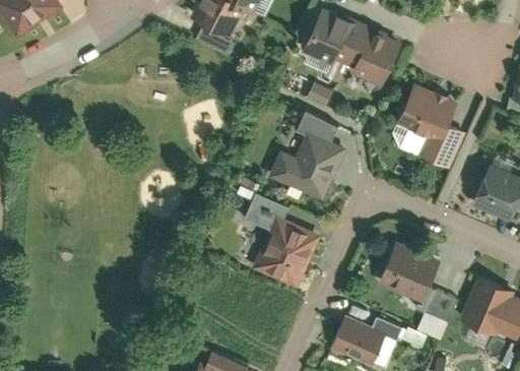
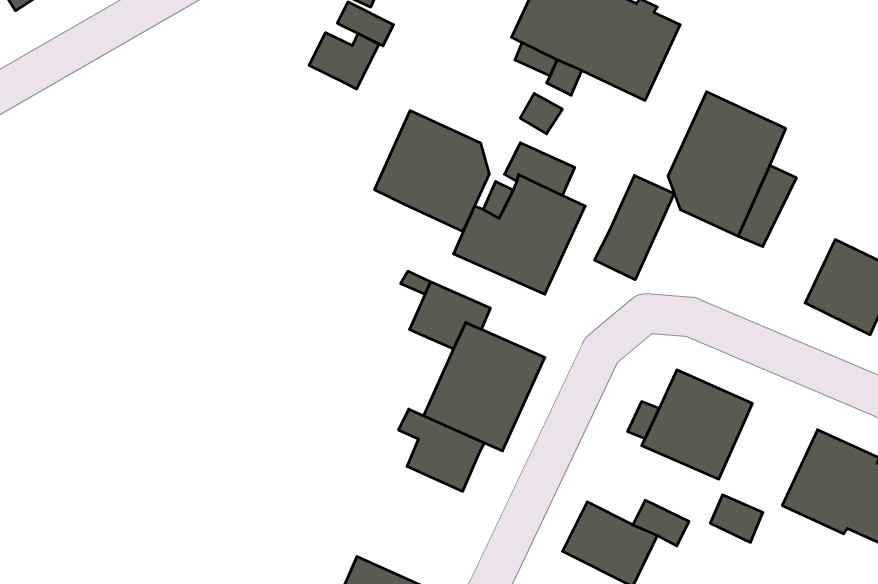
building: none -> [309,33,379,89]
building: none -> [375,111,489,232]
building: none -> [595,175,674,280]
building: none -> [399,409,484,491]
building: [424,292,457,324] -> none

